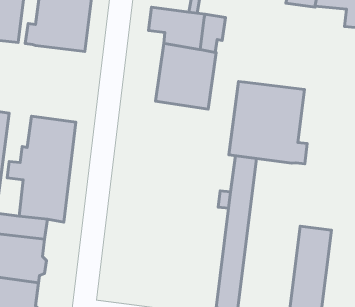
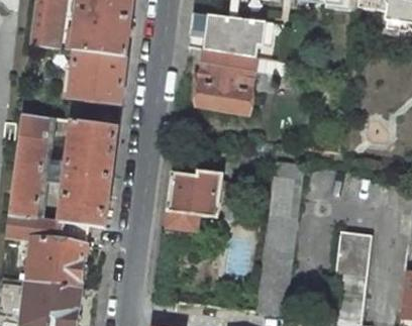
building: none -> [71,49,126,103]
building: [229,82,307,164] -> none
building: none -> [166,170,223,235]

